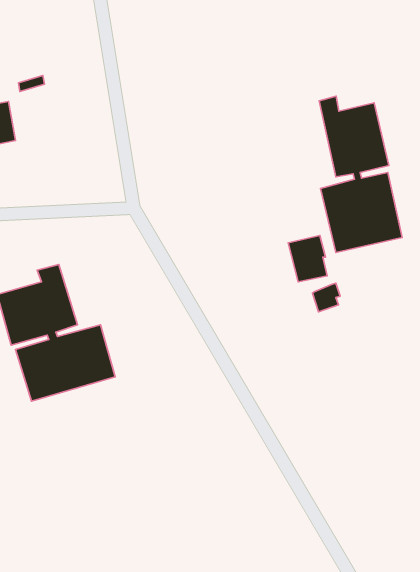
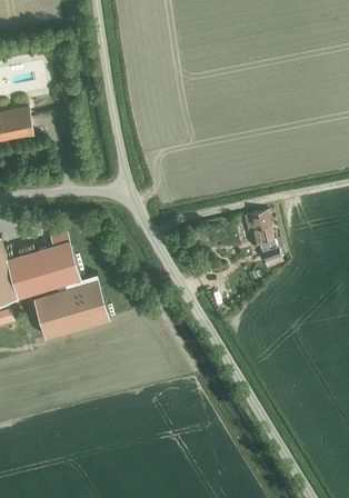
building: [319,96,402,253] -> none

